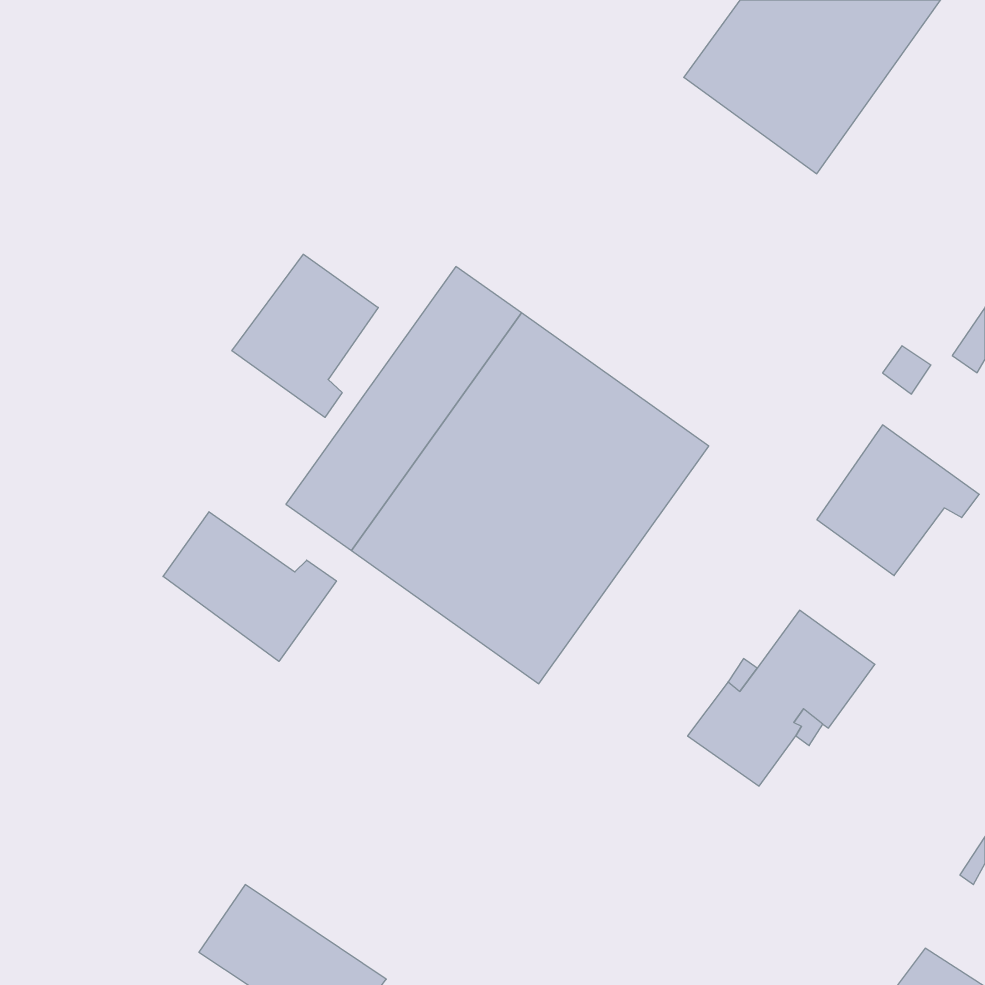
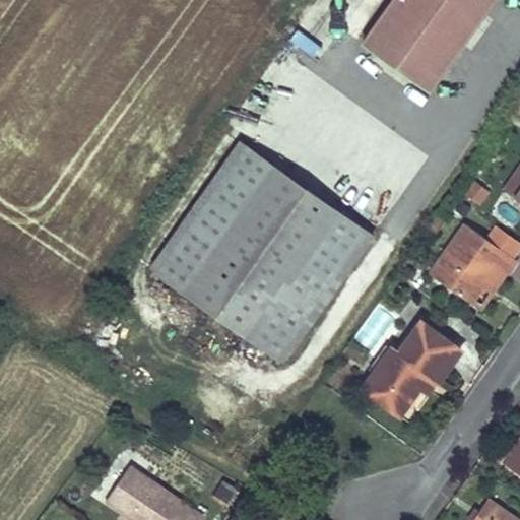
building: [232,254,378,417] -> none
building: [163,512,336,661] -> none

